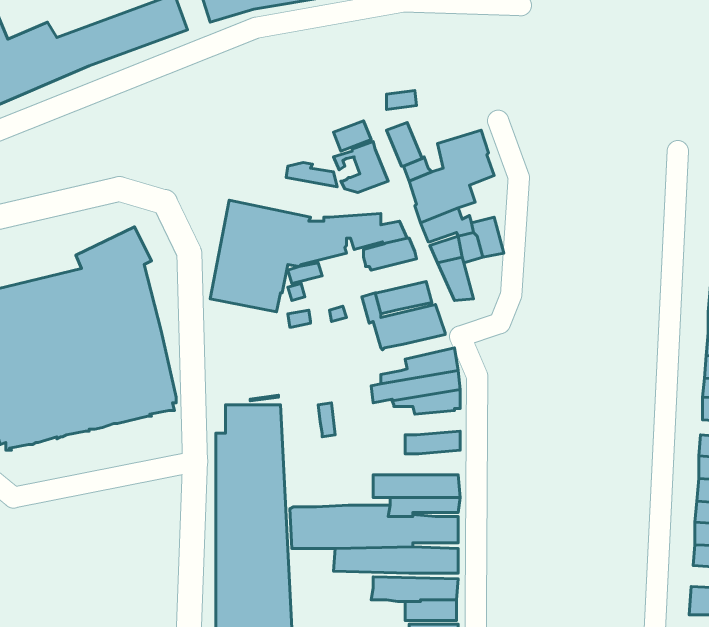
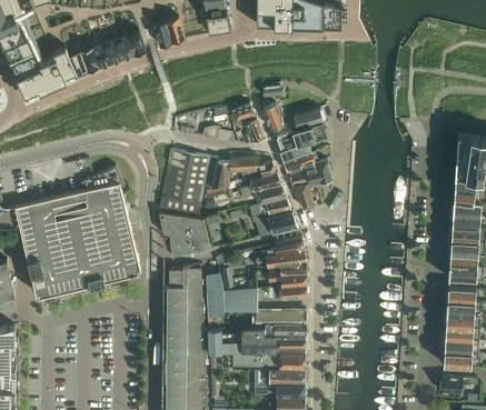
building: none -> [240,186,286,206]
building: none -> [158,213,210,259]
building: none -> [267,272,306,289]
building: none -> [205,273,257,320]

